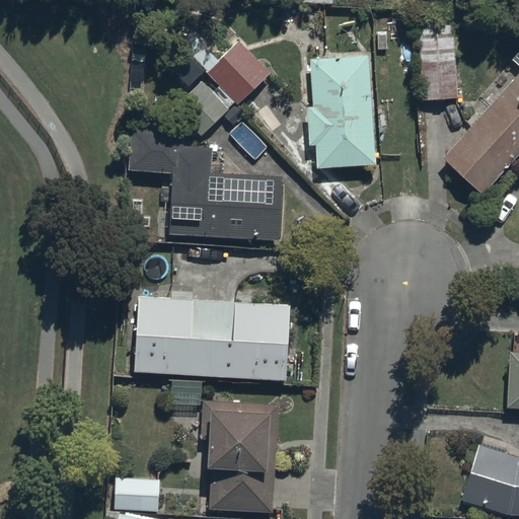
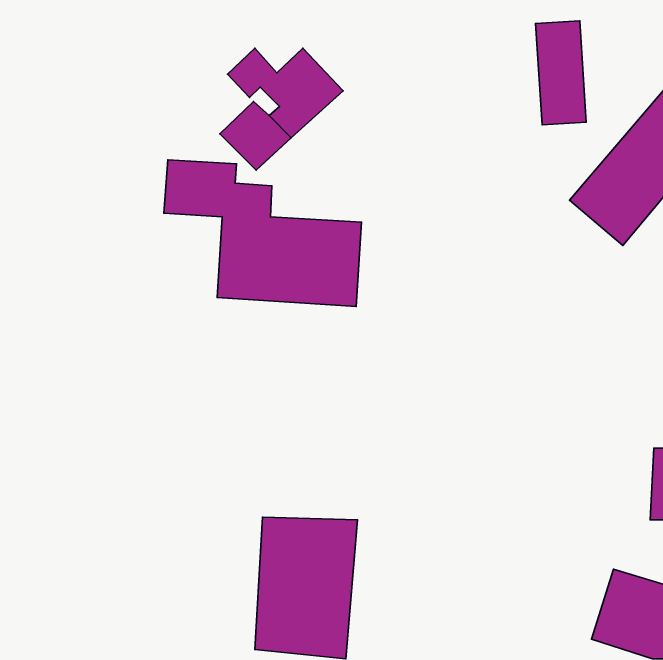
building: [308,55,376,168] -> none
building: [135,297,290,381] -> none
building: [113,475,158,512] -> none

